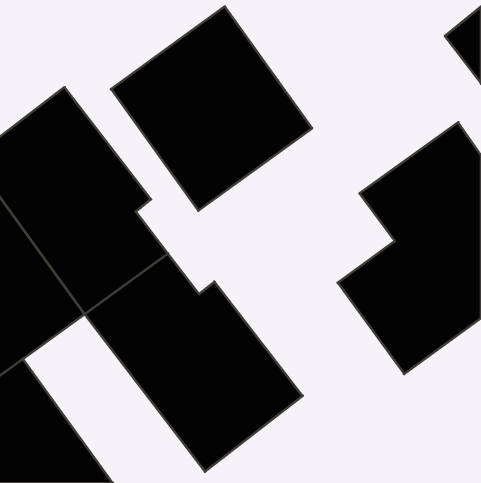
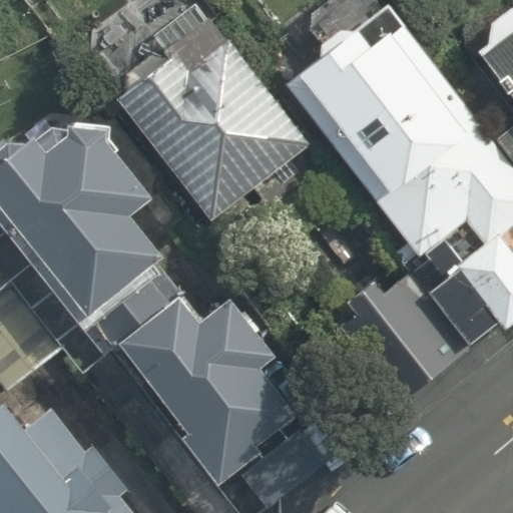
building: none -> [294,10,484,204]

